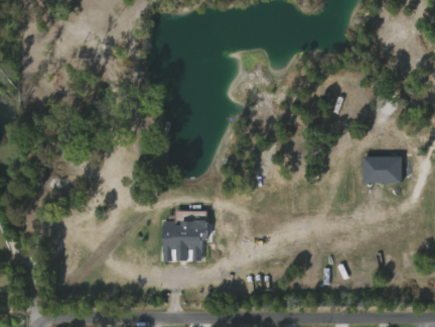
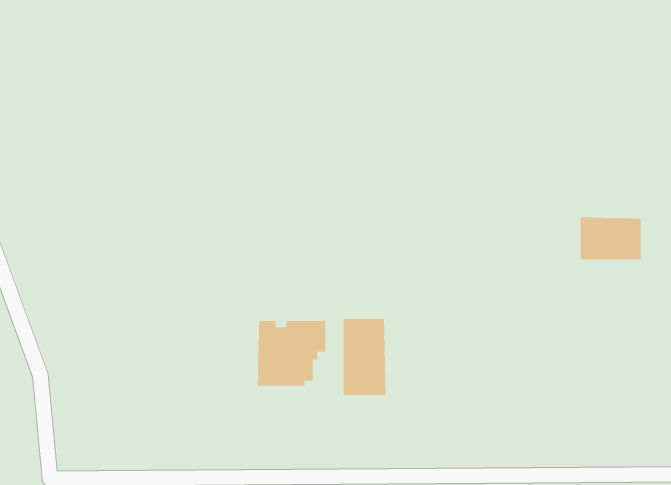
building: none -> [343,318,387,396]

